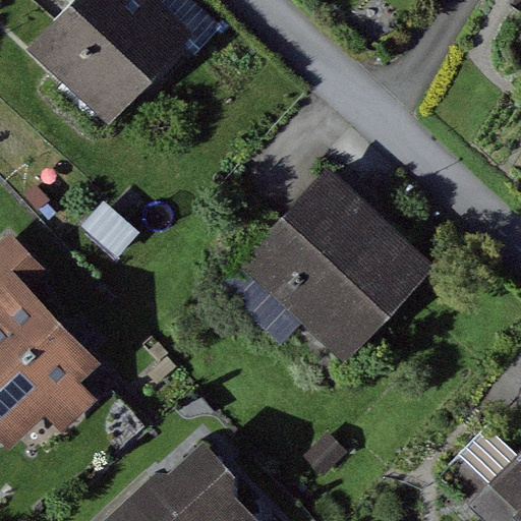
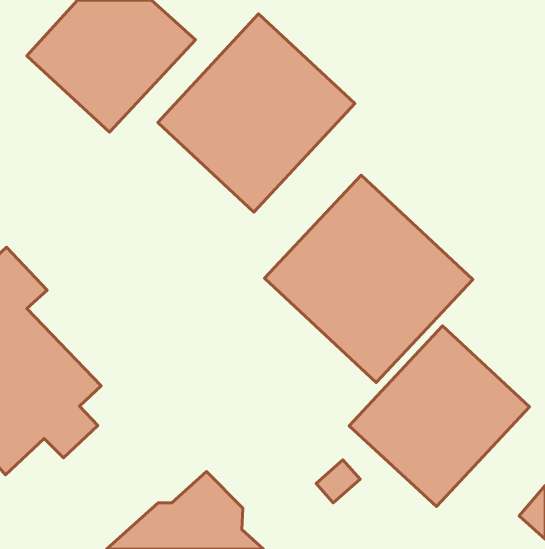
building: none -> [158,14,355,212]
building: none -> [349,326,530,507]

